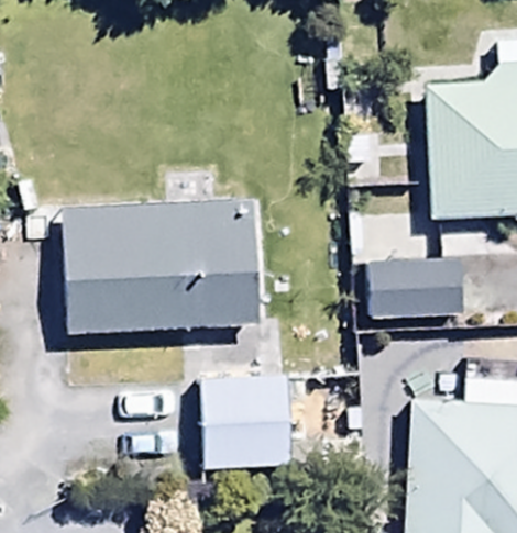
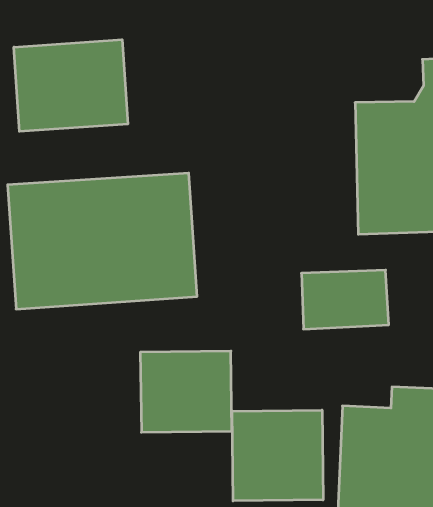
building: none -> [14,40,128,131]
building: none -> [232,410,323,501]

